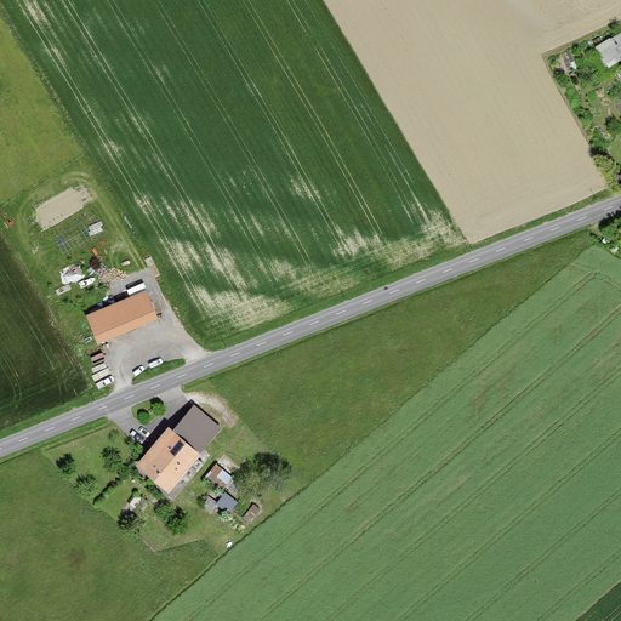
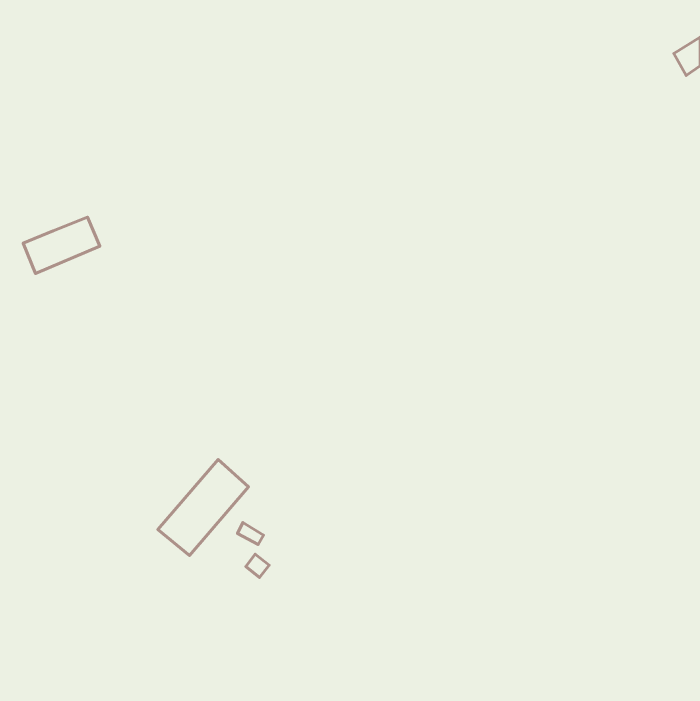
building: [87,292,155,342] -> [23,217,100,273]

